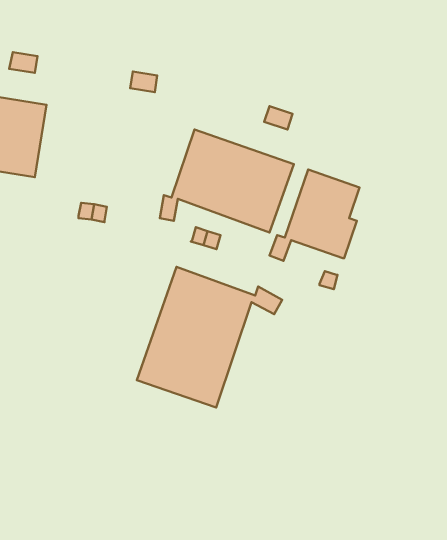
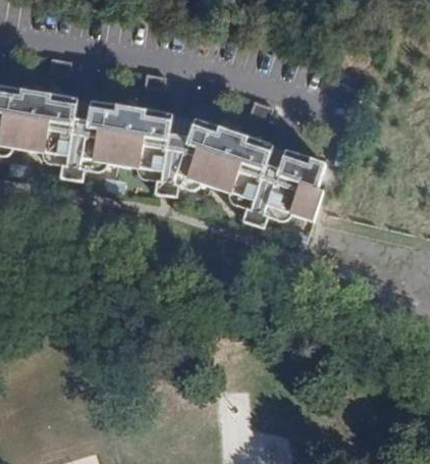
building: none -> [70,101,171,175]
building: [137,267,282,407] -> none

